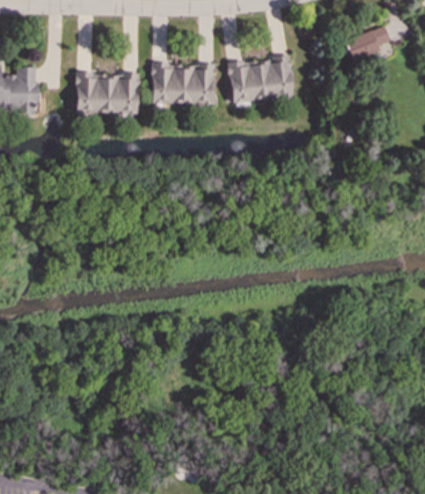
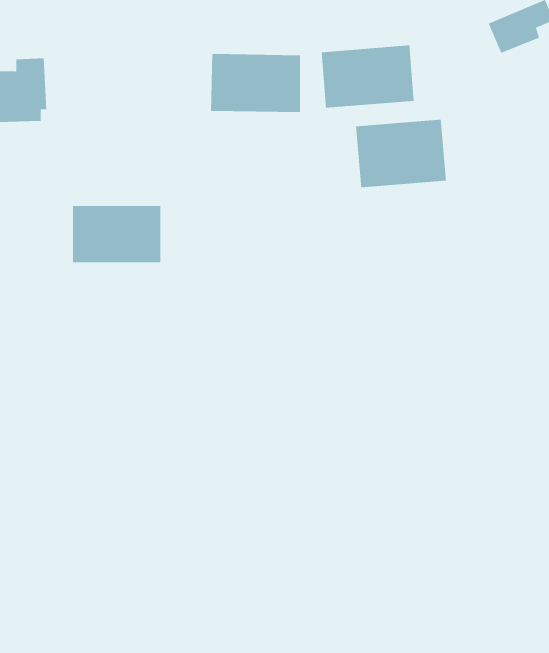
building: [75,73,137,113] -> [72,205,161,263]
building: none -> [356,119,447,188]

